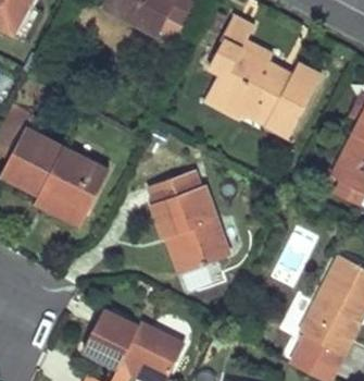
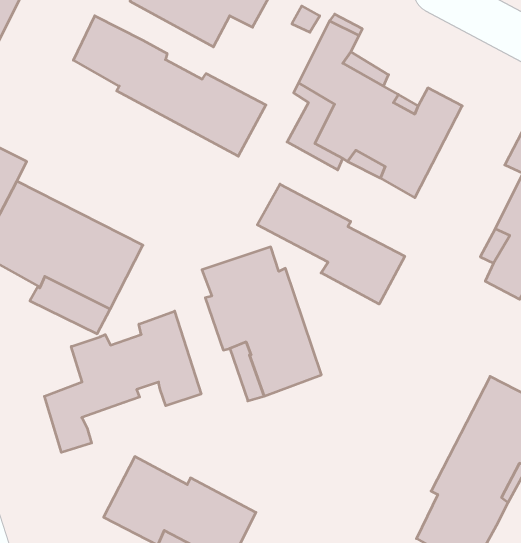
building: none -> [73,16,266,156]
building: none -> [257,184,405,304]
building: none -> [44,311,201,452]

